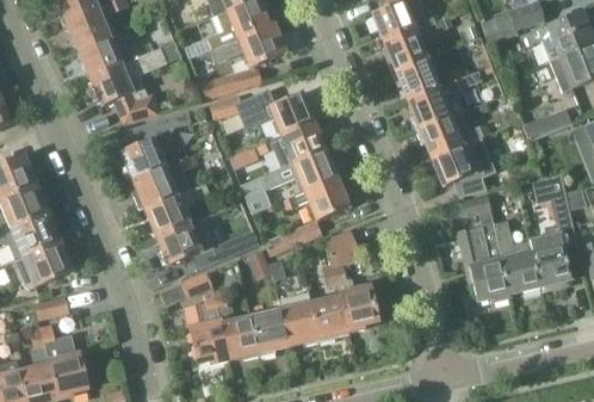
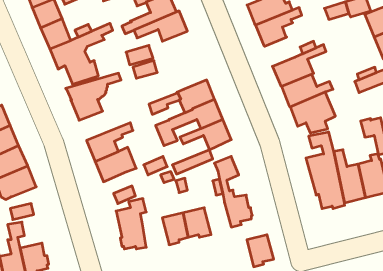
building: [396,60,439,101] -> none
building: [241,92,314,134] -> none
building: [132,151,199,206] -> none
building: [310,295,348,340] -> [247,235,274,267]
building: [222,316,260,358] -> none

